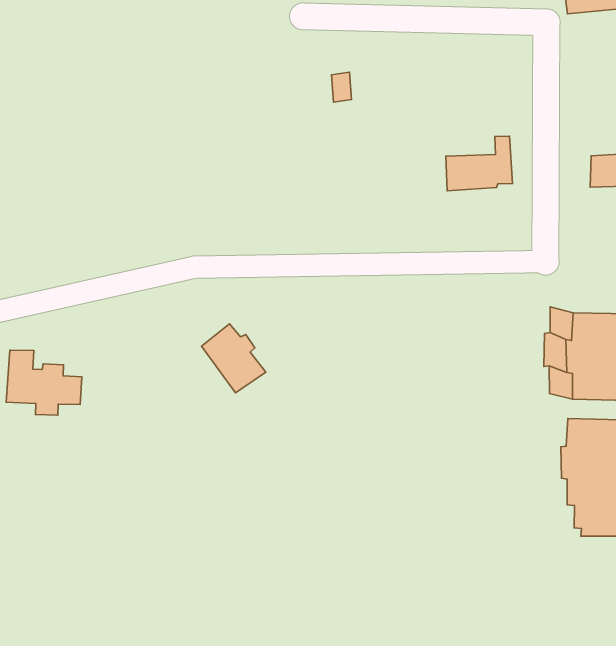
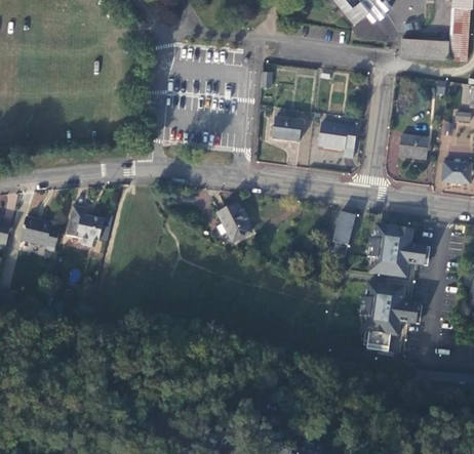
building: none -> [275,121,303,142]
building: none -> [326,207,352,242]
building: [201,324,266,393] -> [214,199,248,238]

